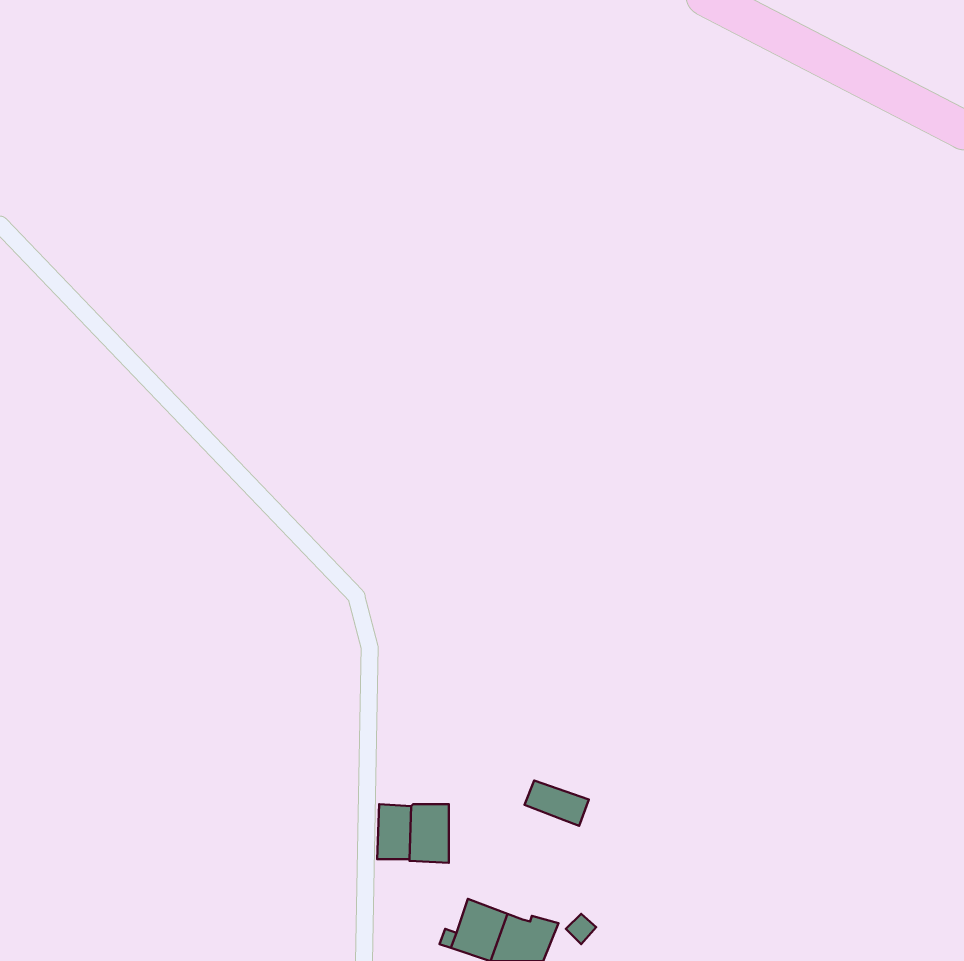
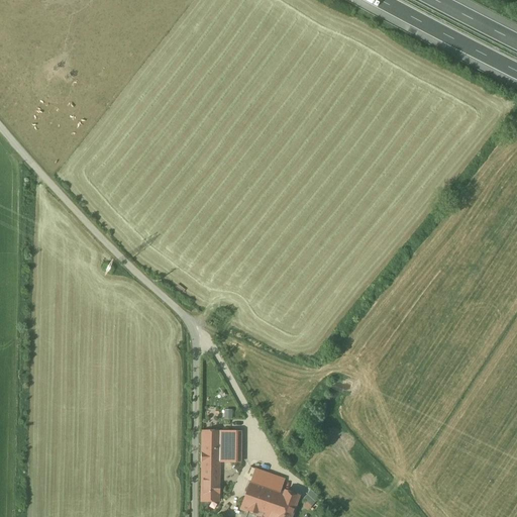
building: [525,780,589,826] -> [250,468,285,492]
building: none -> [201,459,219,500]

